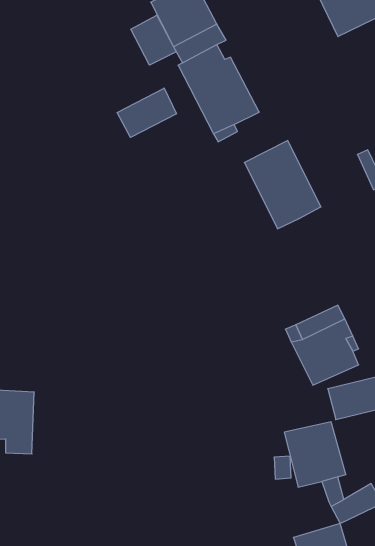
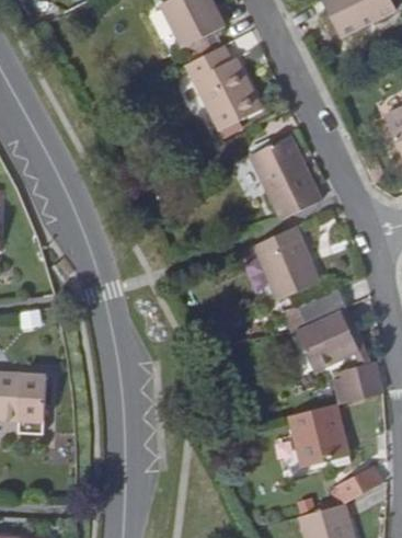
building: [131,15,176,65] -> none
building: [117,88,177,137] -> none
building: none -> [253,227,322,306]

